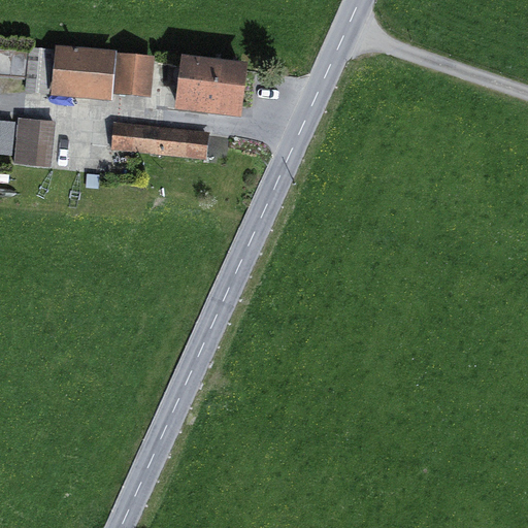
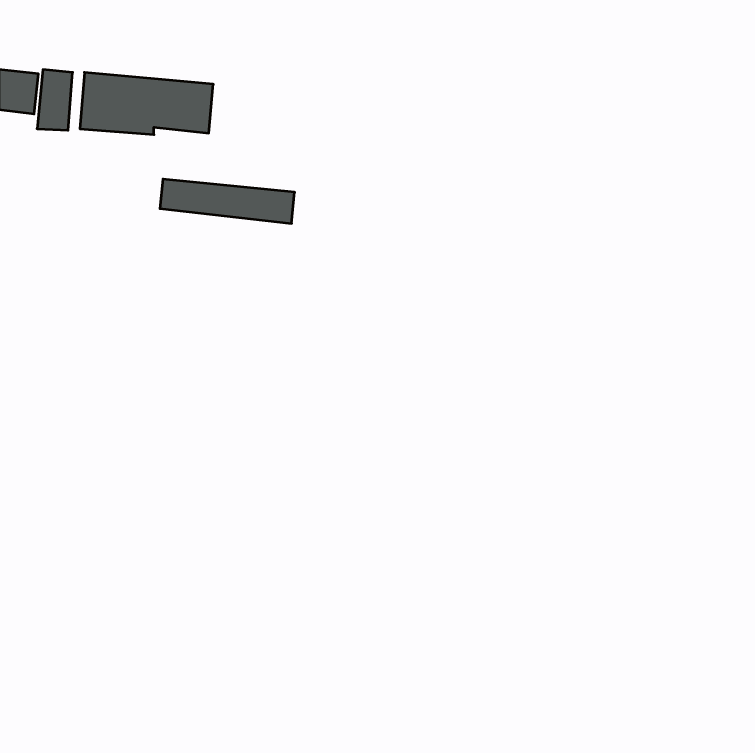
building: [178,62,240,113] -> none
building: [13,119,53,166] -> none

